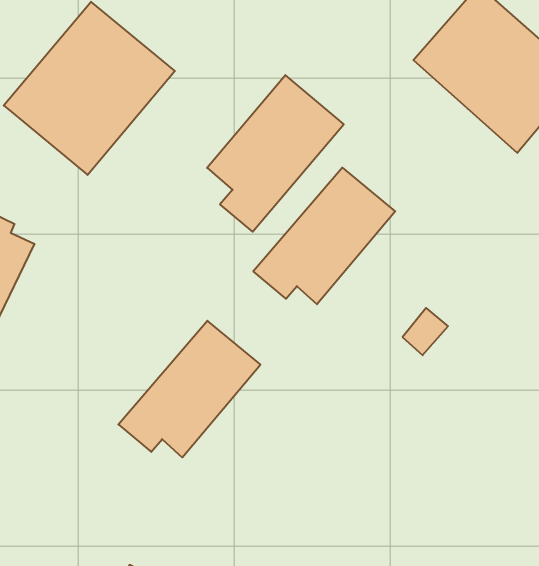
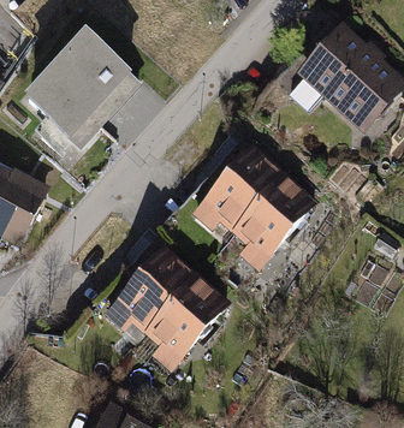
building: [207,75,344,232] -> [232,168,322,272]
building: none -> [143,269,233,373]

